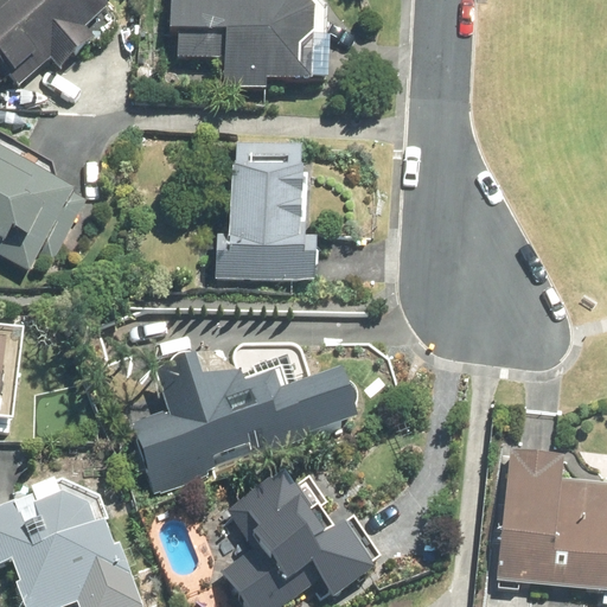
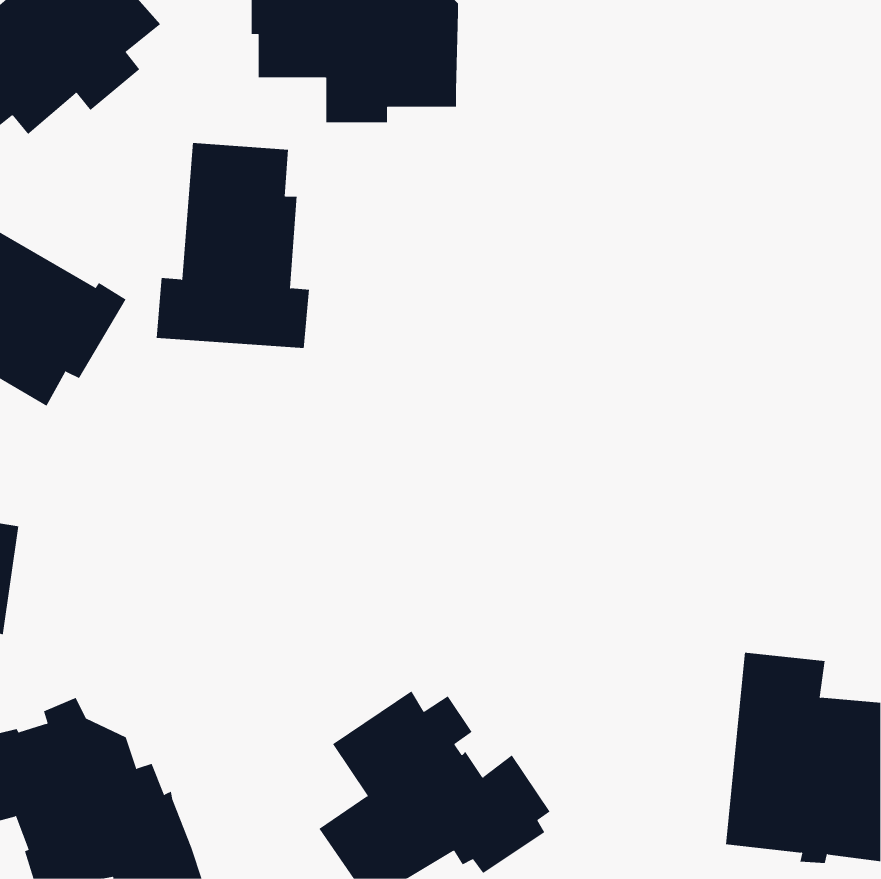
building: [215,151,320,292] -> [156,143,310,348]
building: [132,352,354,490] -> none

